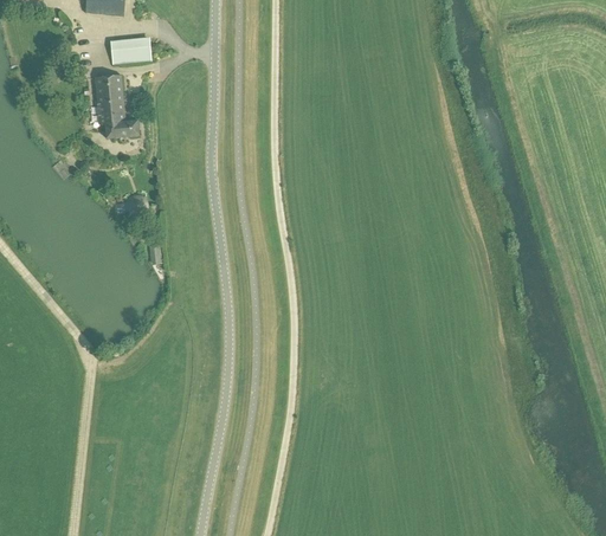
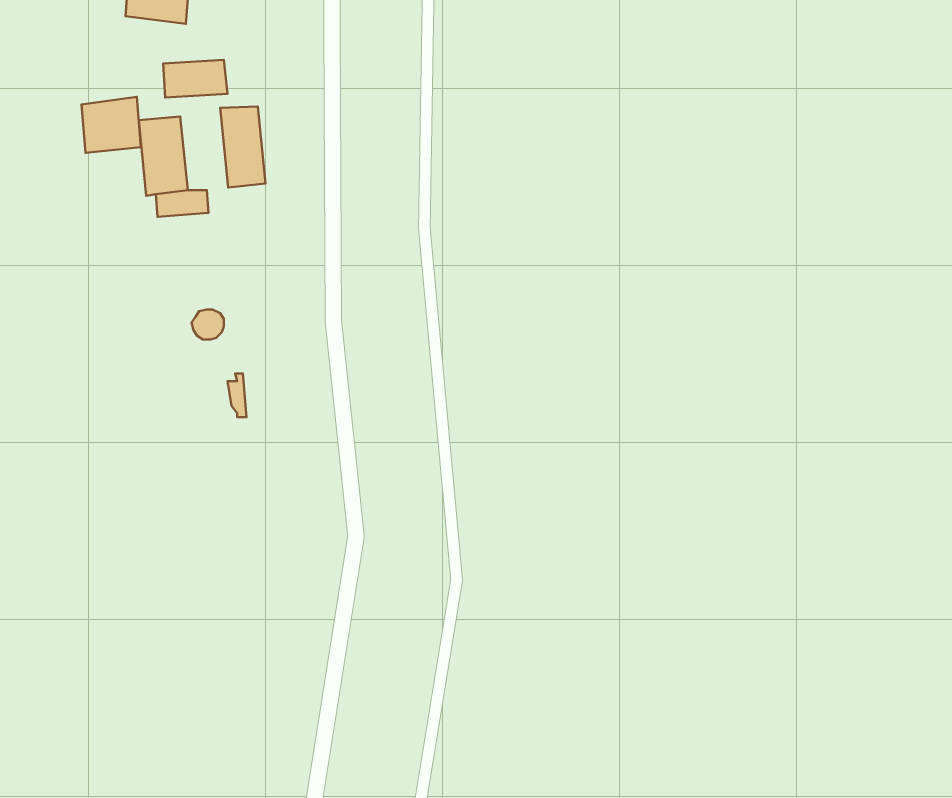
building: none -> [81,97,141,153]
building: none -> [220,106,265,187]

